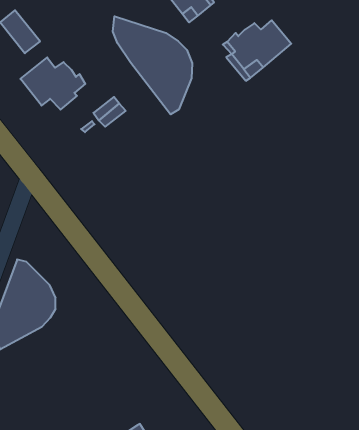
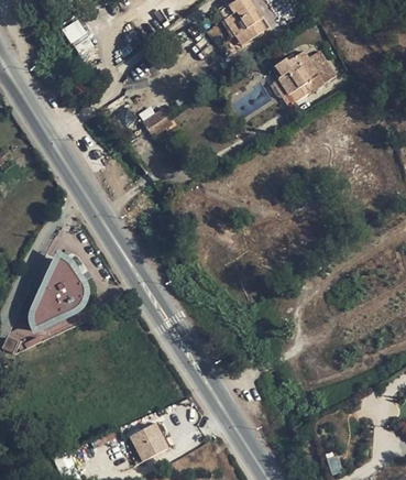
building: [113,16,192,114] -> none
building: [20,57,85,110] -> none

